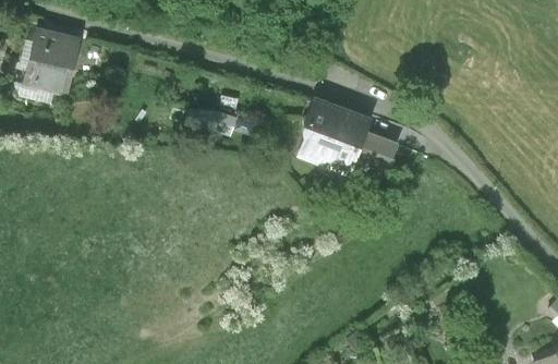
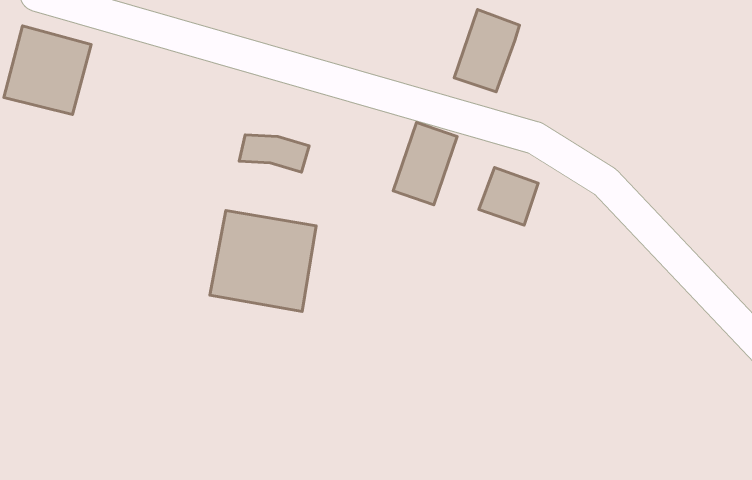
building: [323,111,368,169] -> [454,9,520,92]
building: none -> [210,211,316,311]

